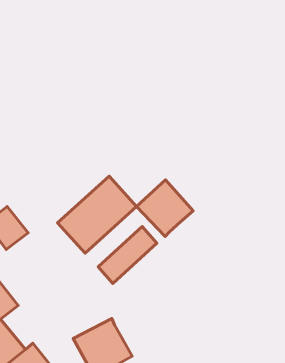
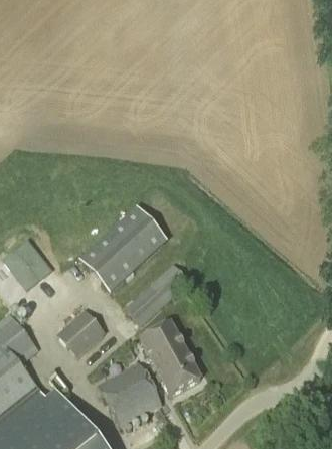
building: [137,180,193,237] -> none
building: none -> [58,308,106,356]
building: none -> [142,323,202,396]

